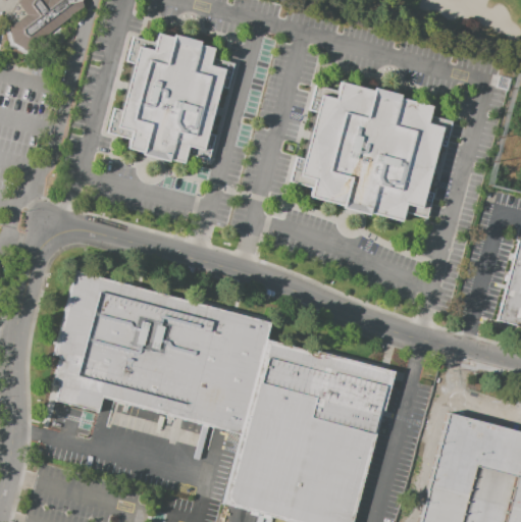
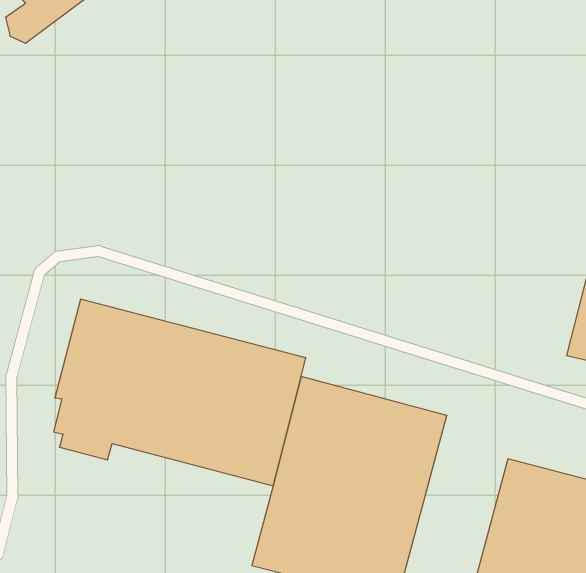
building: [110,35,237,163] -> none
building: [292,83,454,222] -> none

